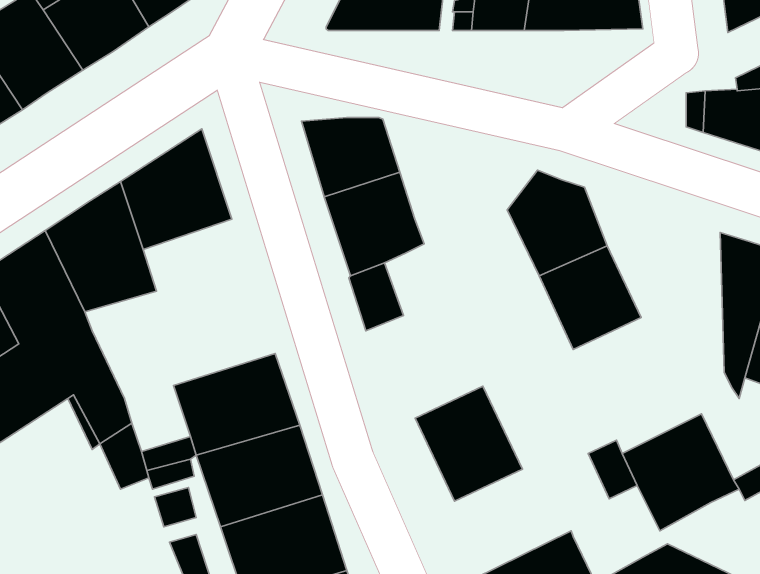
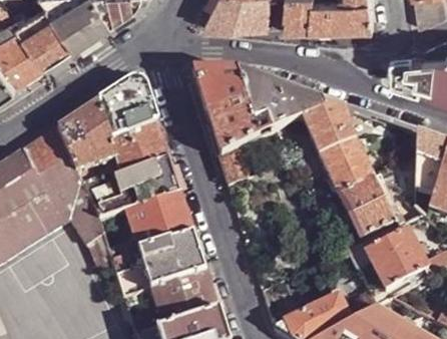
building: none -> [235,75,317,136]
building: none -> [80,128,177,224]
building: [415,386,522,501] -> [336,181,393,242]

